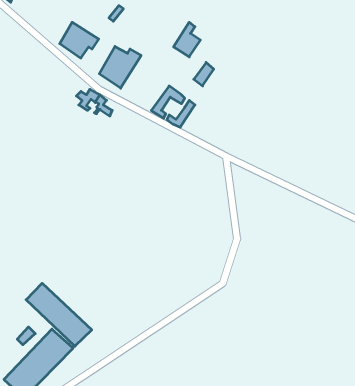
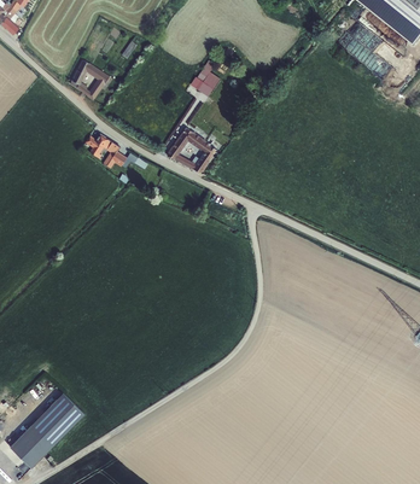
building: [99,46,141,88] -> none
building: [26,283,92,346] -> none

